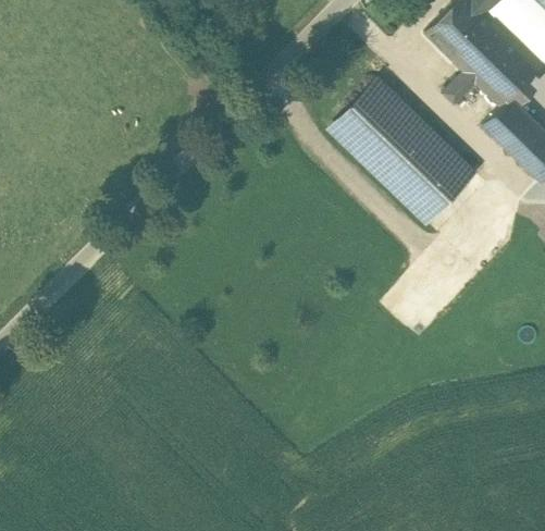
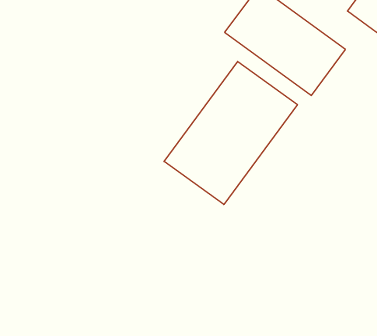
building: none -> [164,61,297,205]

